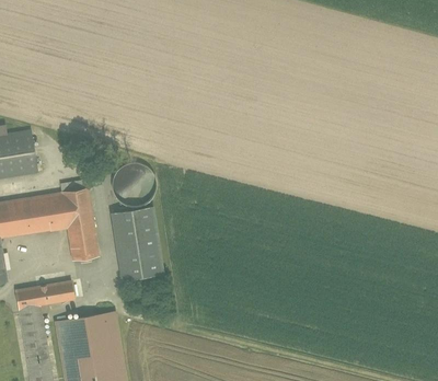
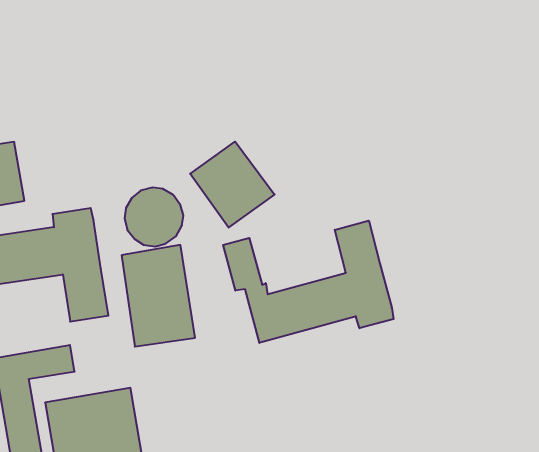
building: none -> [190,142,275,228]
building: none -> [223,221,394,343]

